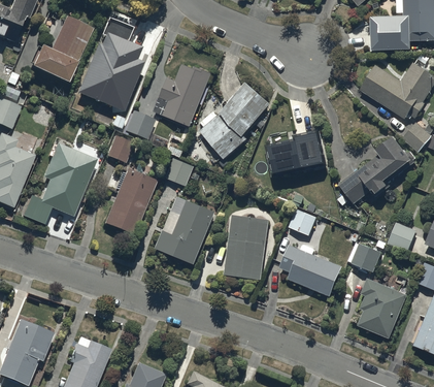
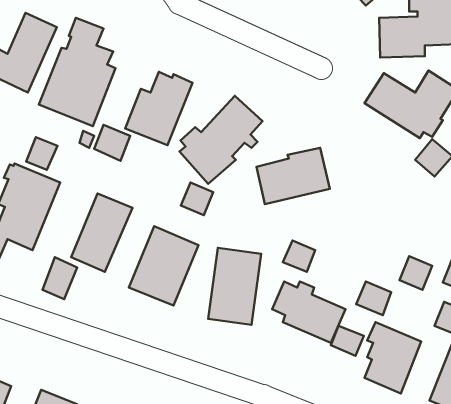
building: [108,134,135,162] -> [26,137,58,170]
building: [336,136,414,204] -> none
building: [166,157,194,185] -> [181,183,213,215]
building: none -> [42,257,77,299]
building: none -> [331,326,364,356]

